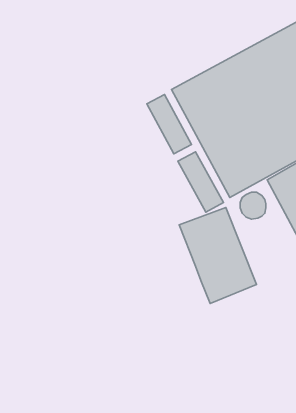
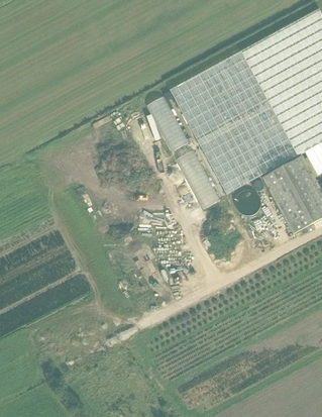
building: [179,208,257,304] -> none

